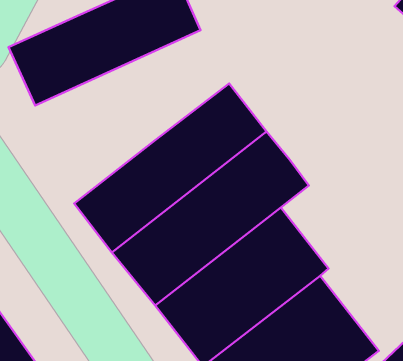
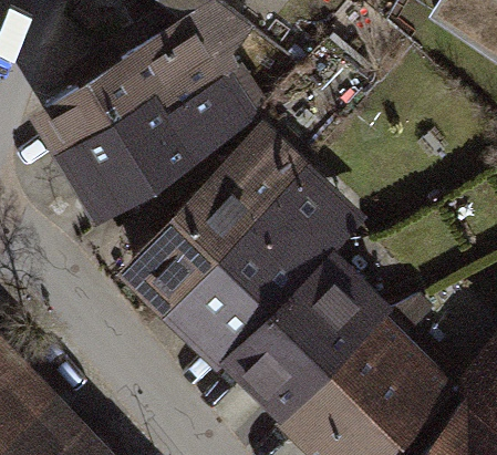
building: none -> [66,73,260,223]

